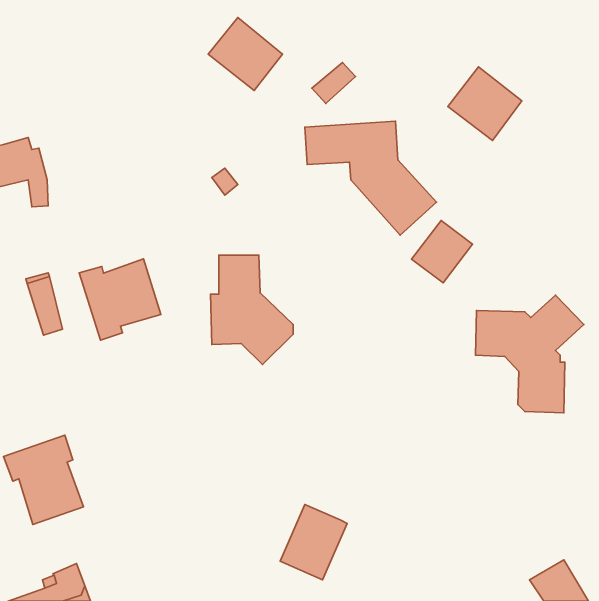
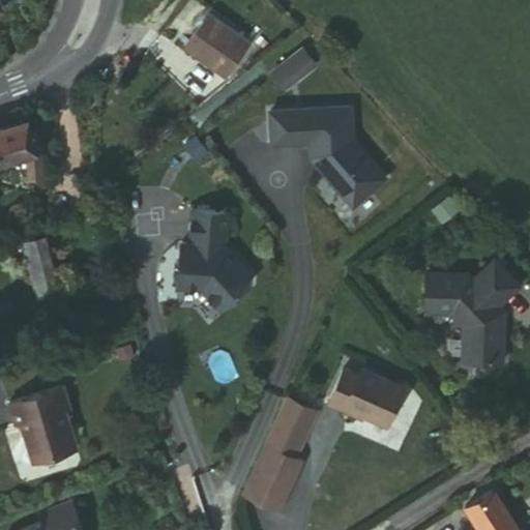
building: [448,67,522,140] -> none
building: [412,221,472,283] -> none
building: [79,259,161,340] -> none
building: none -> [331,369,407,426]
building: none -> [268,396,321,458]

